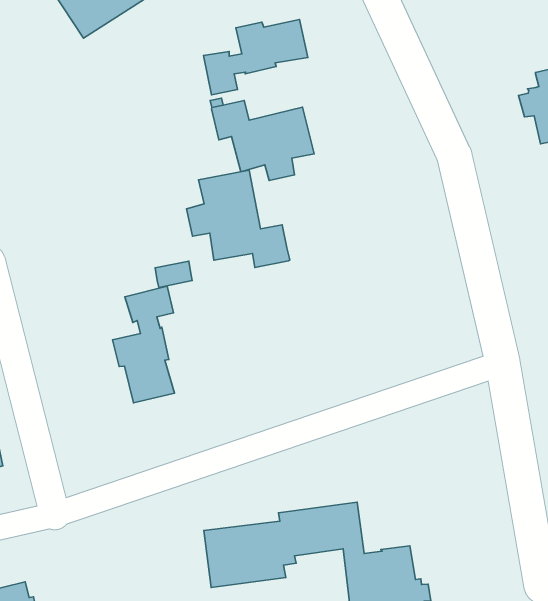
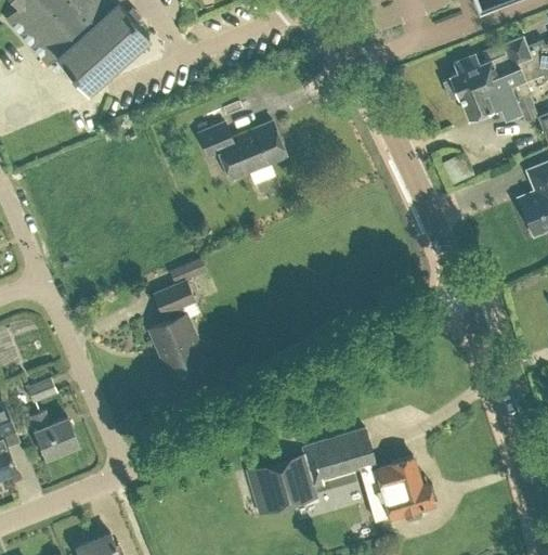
building: [204,20,308,95] -> none
building: [187,170,290,268] -> none

